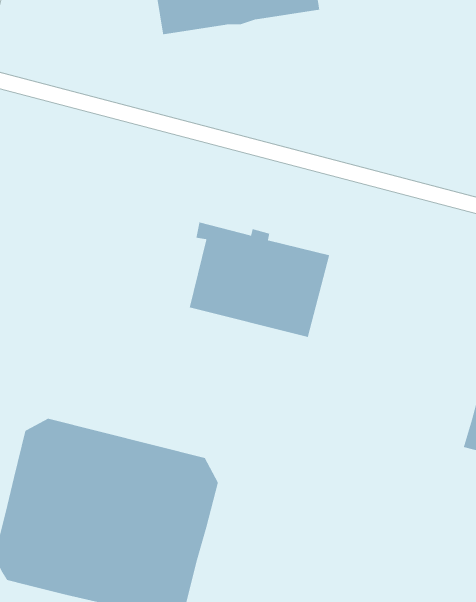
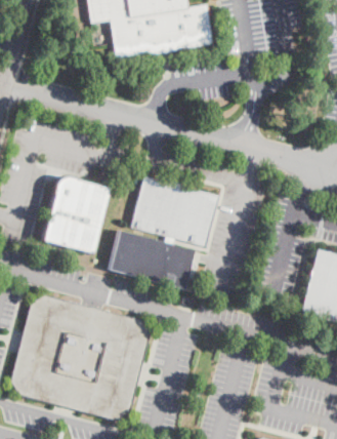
building: none -> [42,175,110,253]
building: none -> [110,230,194,288]

